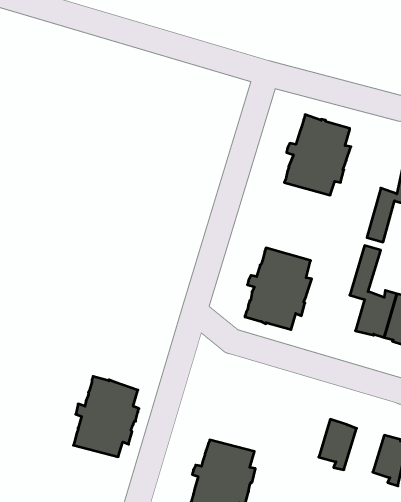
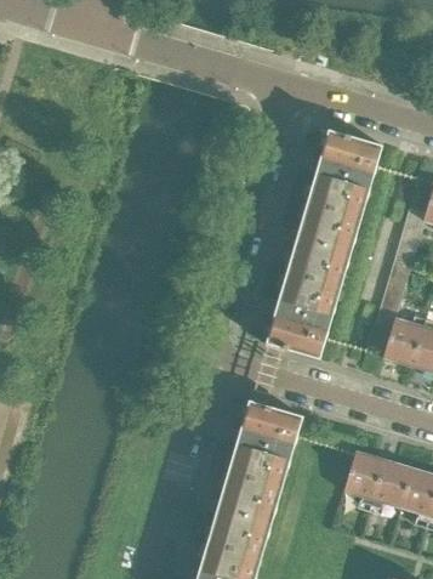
building: none -> [286,201,355,284]
building: [73,376,139,457] -> [227,401,296,486]
building: none -> [369,461,411,509]

